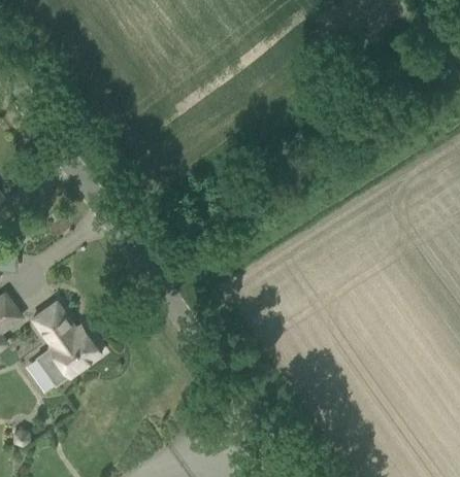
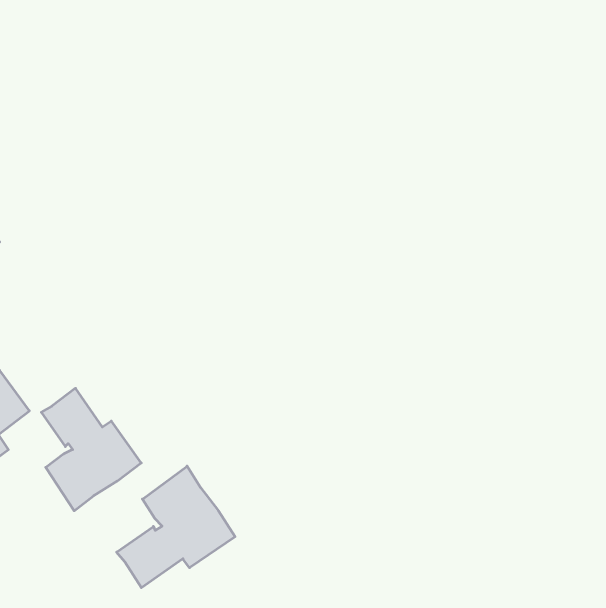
building: none -> [117,466,235,588]

